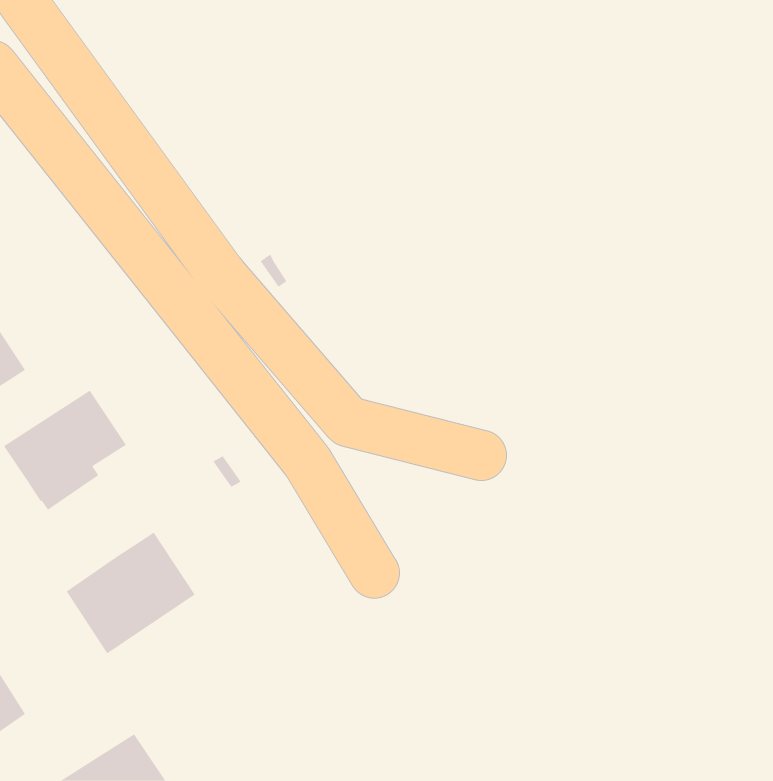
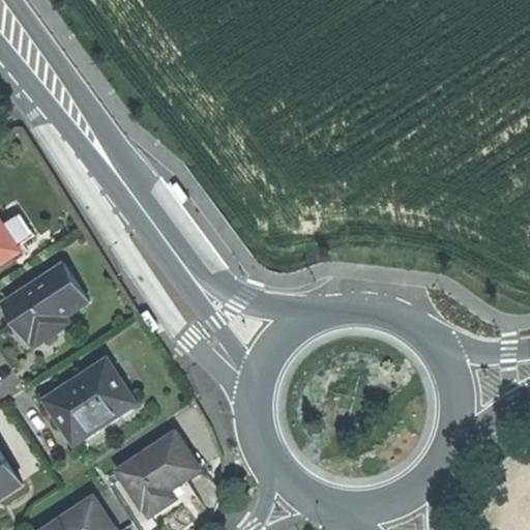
building: none -> [116,433,199,516]

